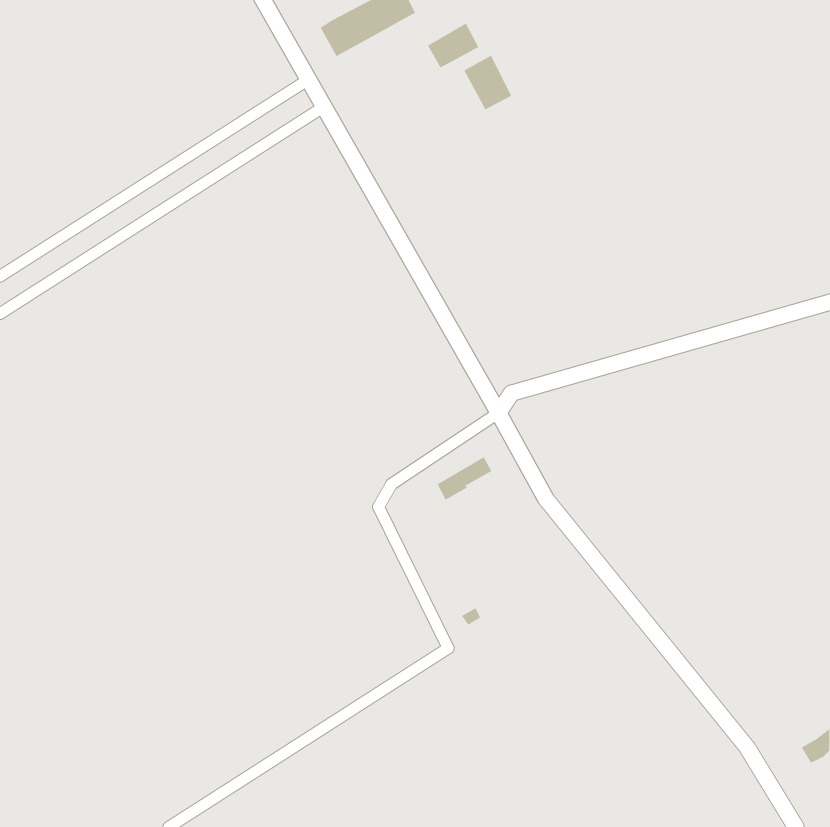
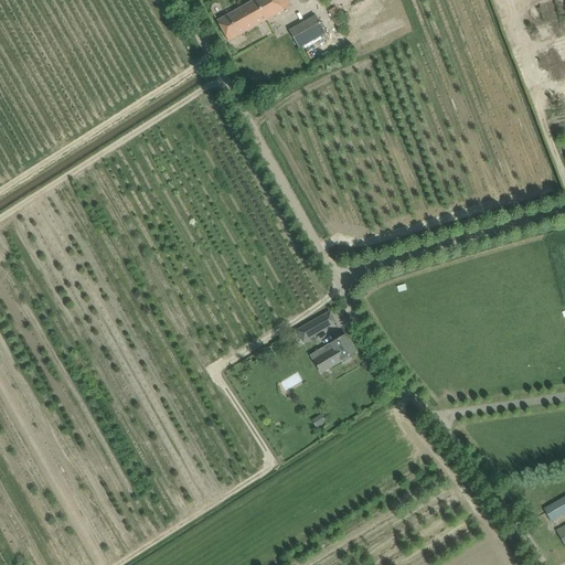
building: [463,55,512,110] -> none
building: none -> [313,333,356,371]

